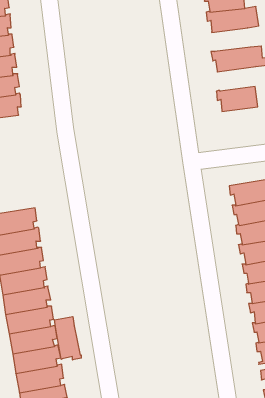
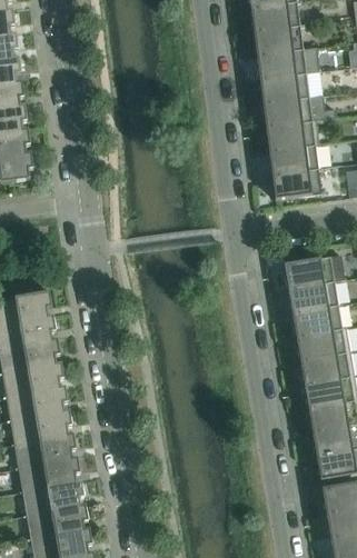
building: none -> [259,73,309,102]
building: none -> [265,120,318,150]
building: none -> [271,169,321,200]
building: [55,317,81,360] -> none

